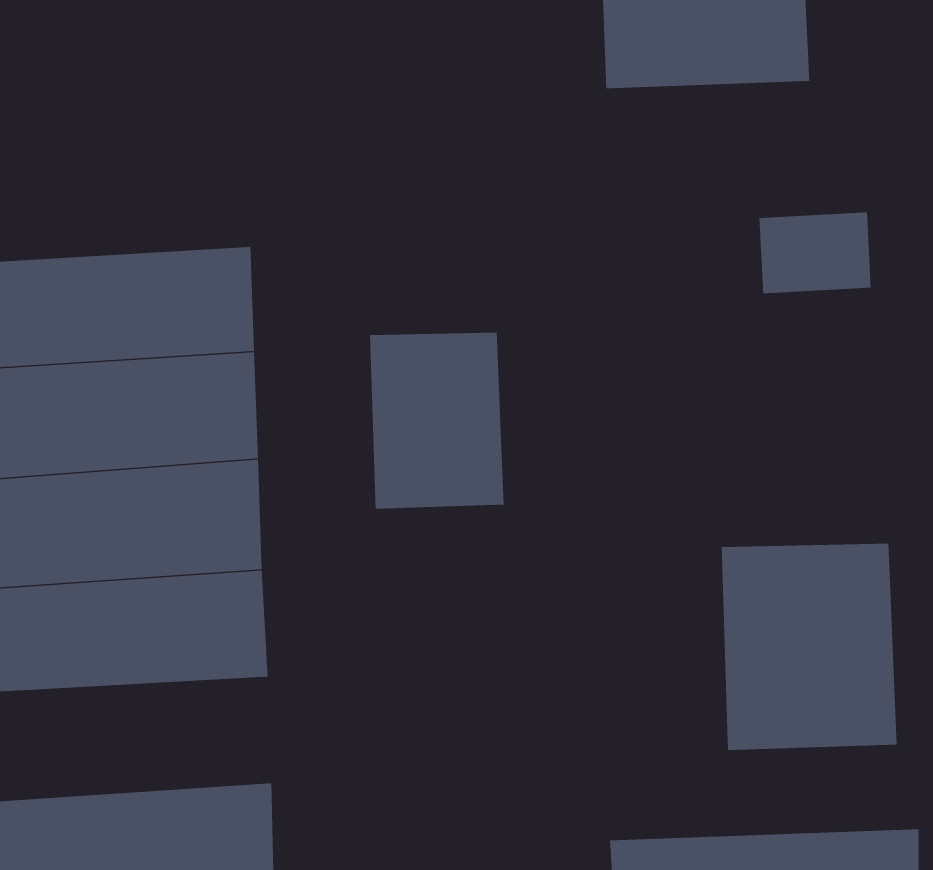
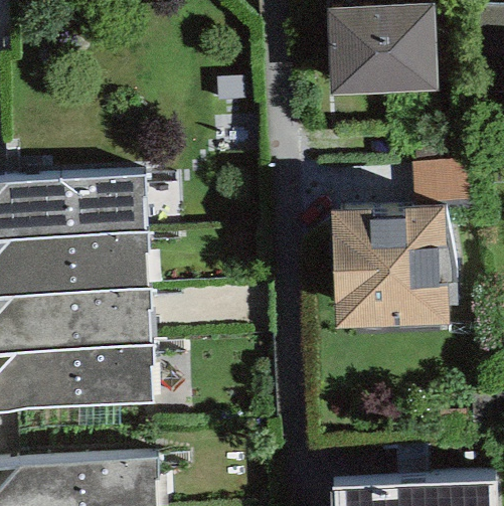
building: none -> [329,205,449,328]
building: [369,332,504,509] -> none
building: [721,543,897,751] -> none

